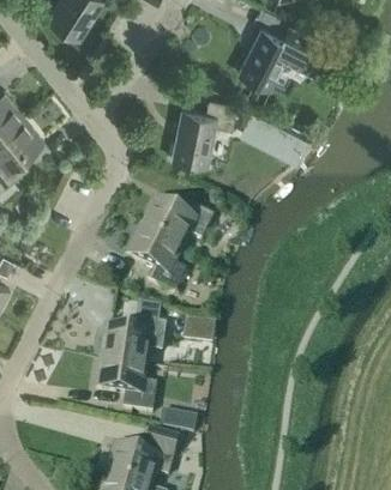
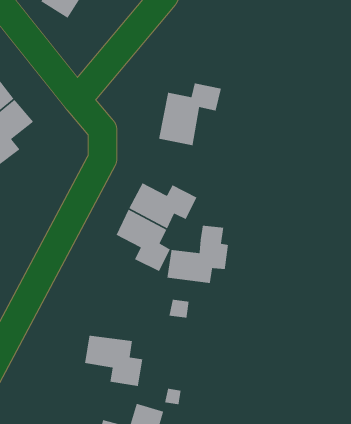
building: [237,29,327,92] -> none
building: [100,309,164,370] -> [166,225,229,284]

